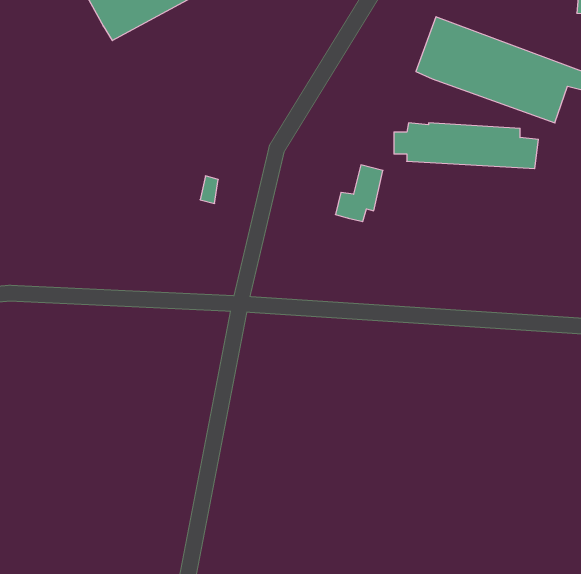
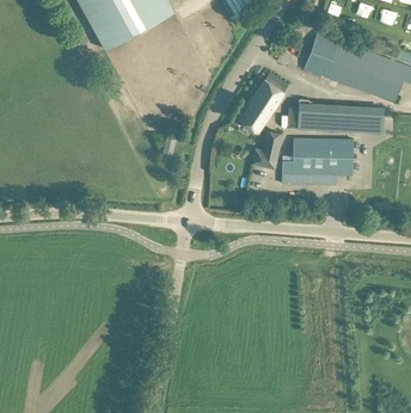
building: none -> [237,72,287,132]
building: none -> [281,137,351,174]

